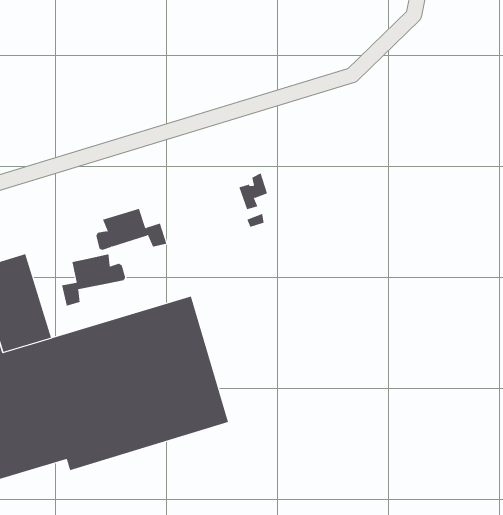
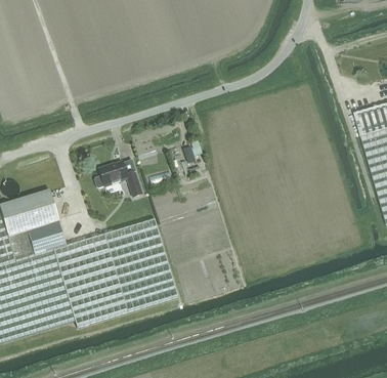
building: [61,254,126,307] -> none

